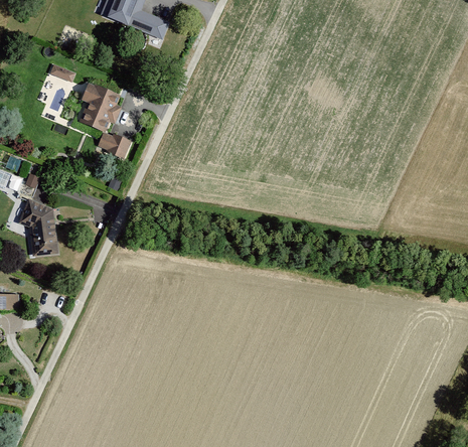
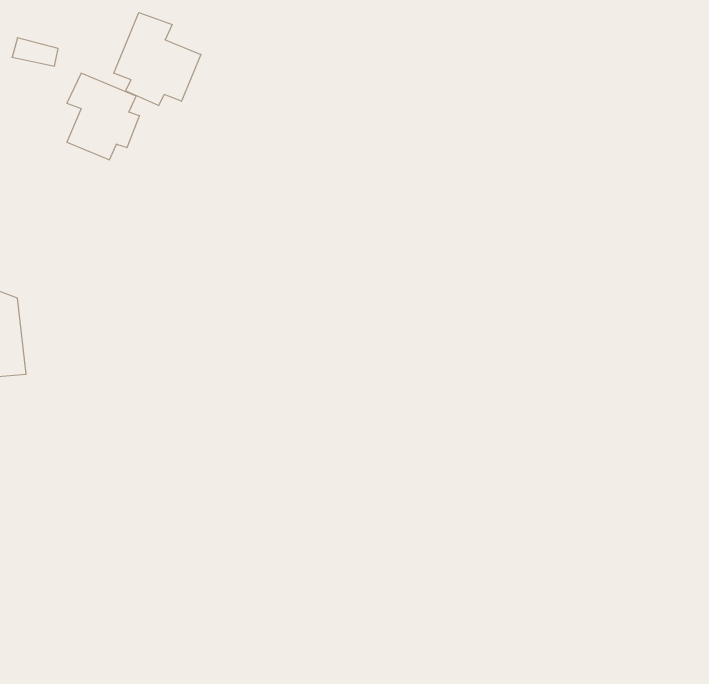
building: none -> [114,13,201,106]
building: [96,134,129,158] -> none

